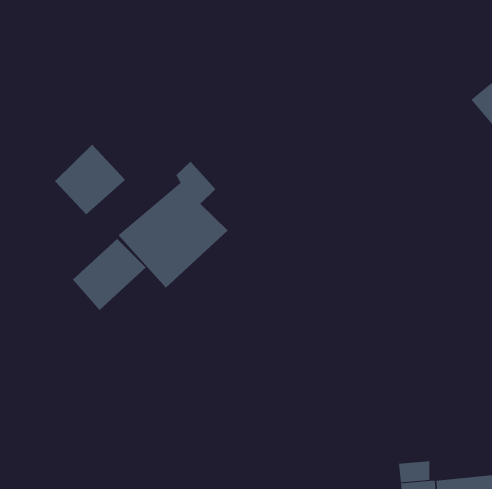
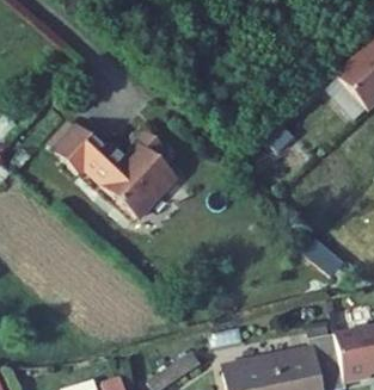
building: [72,238,147,311] -> none

